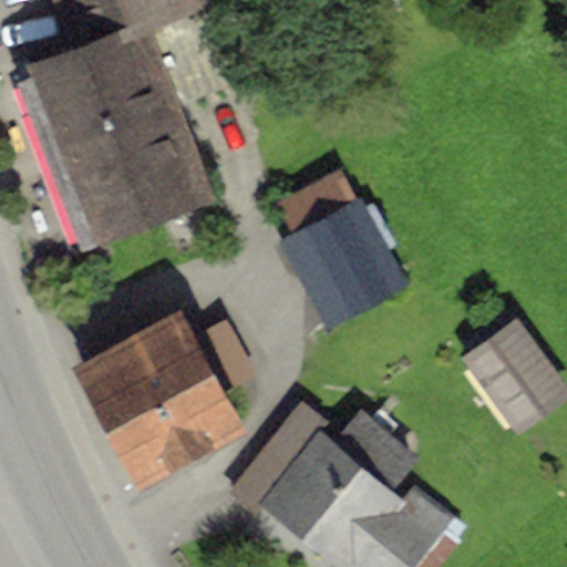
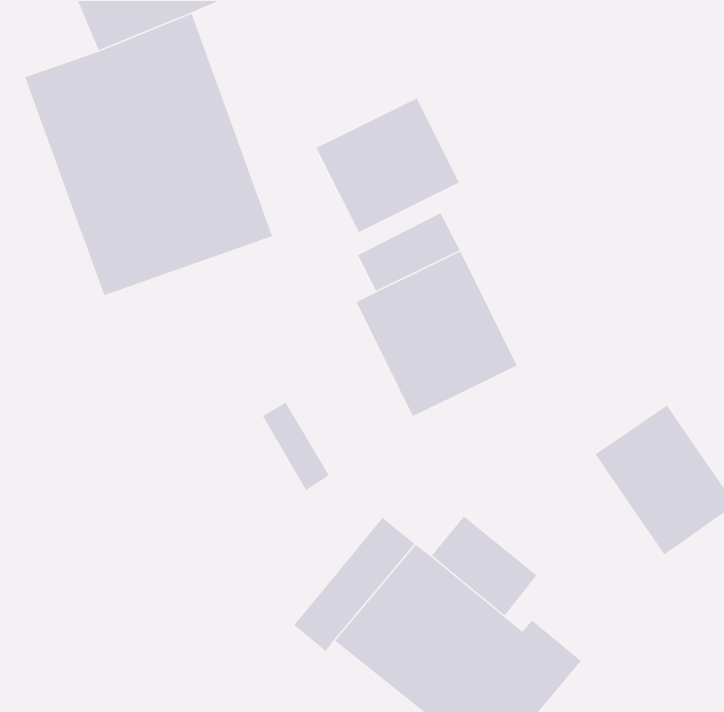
building: none -> [316,97,460,233]
building: [75,305,249,481] -> none

